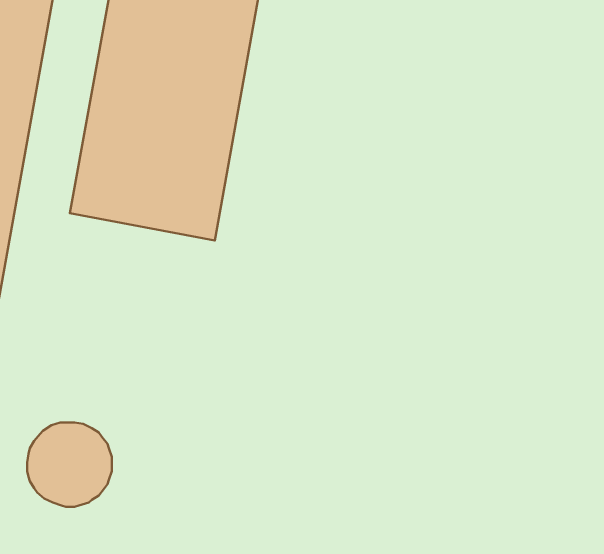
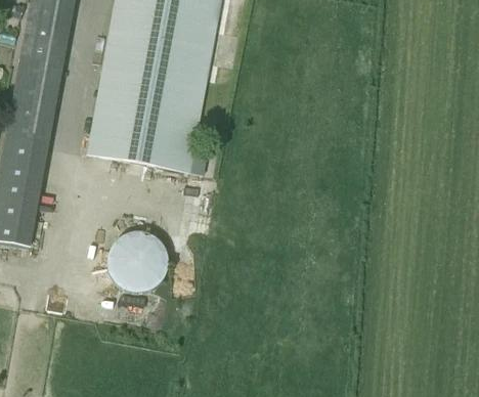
building: [27,422,112,507] -> [107,231,168,292]

